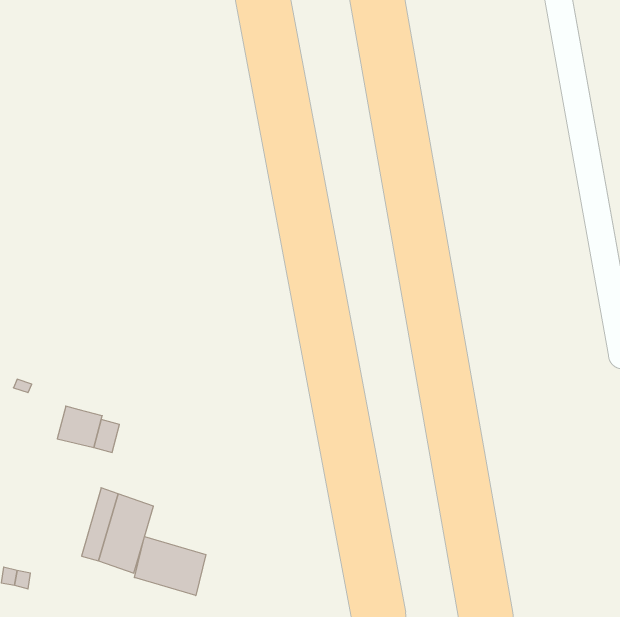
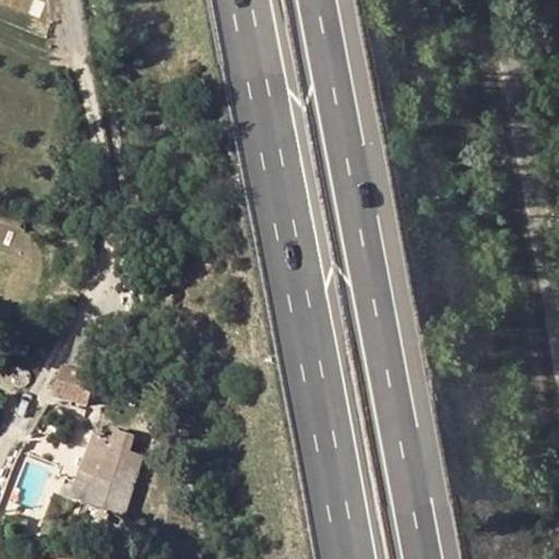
building: [134,537,206,596] -> none

